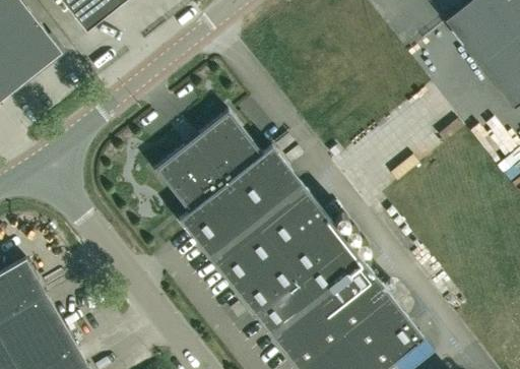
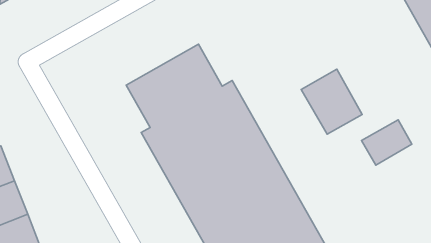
building: none -> [301,69,362,134]
building: none -> [362,120,412,165]

